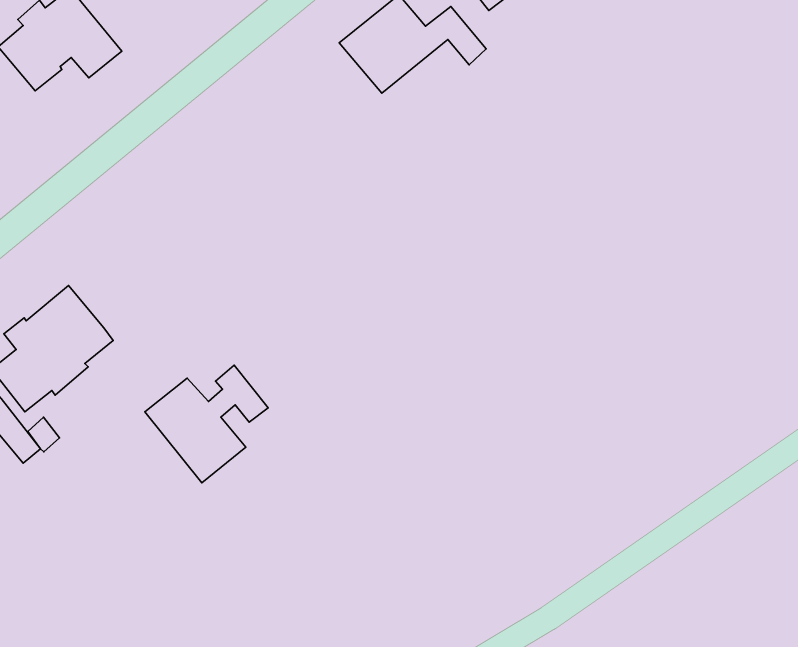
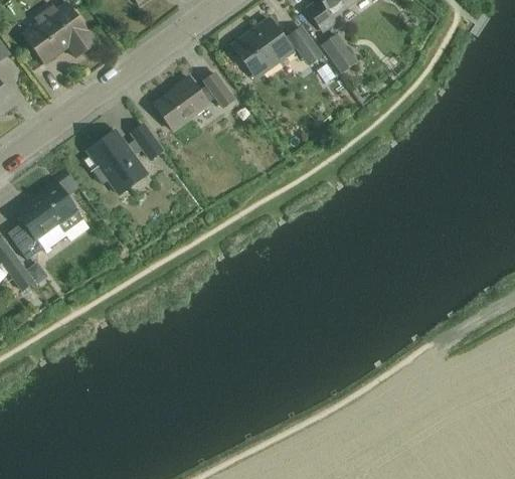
building: none -> [321,33,351,70]
building: none -> [154,72,234,130]
building: [145,365,268,483] -> [88,124,163,194]

